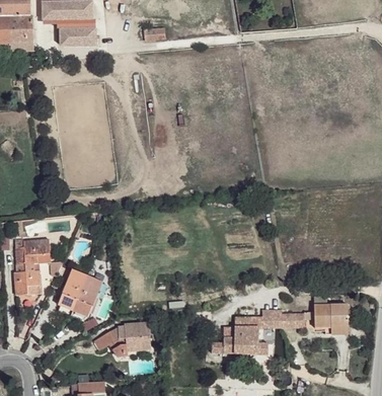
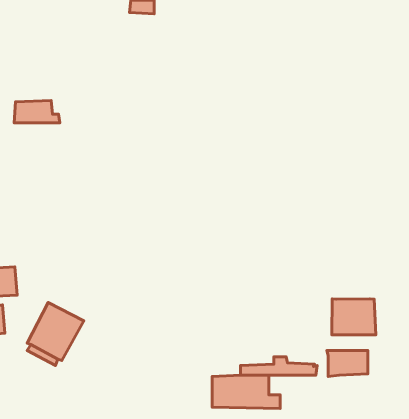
building: [60,27,97,46] -> [14,101,60,123]
building: none -> [332,299,376,335]
building: [94,321,152,355] -> none

